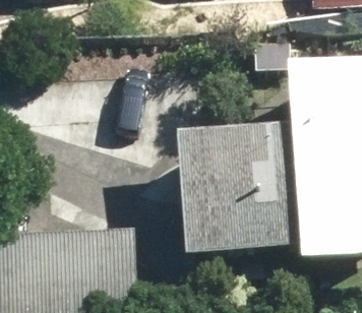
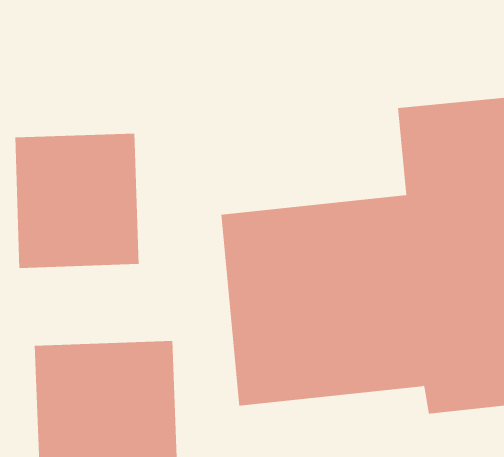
building: none -> [15,133,139,269]

